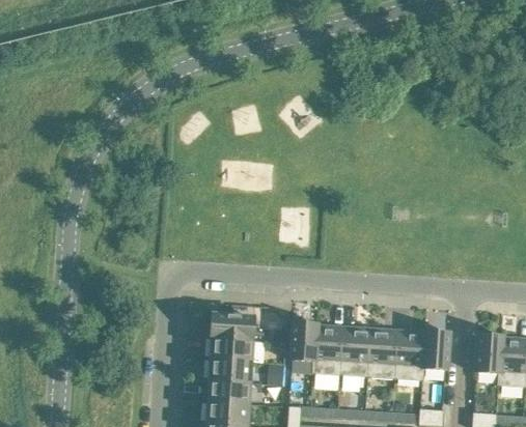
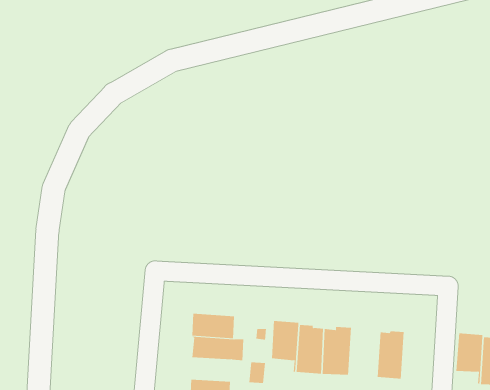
building: [368,329,399,378] -> none
building: [421,331,450,380] -> none
building: [210,359,251,382] -> none

